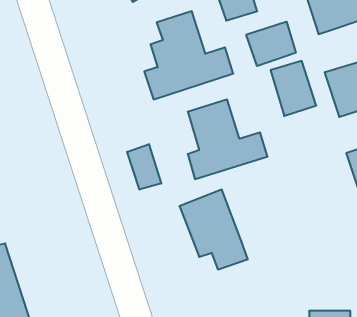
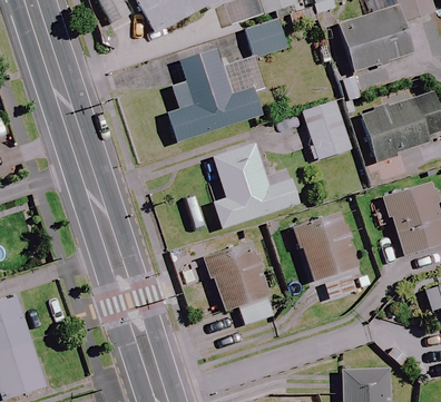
building: [246,22,296,66] -> none
building: [127,144,161,190] -> none
building: none -> [296,216,360,298]

